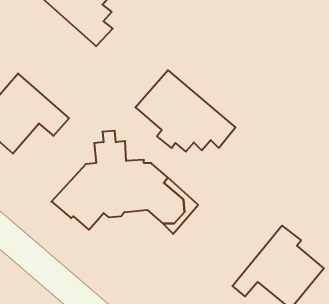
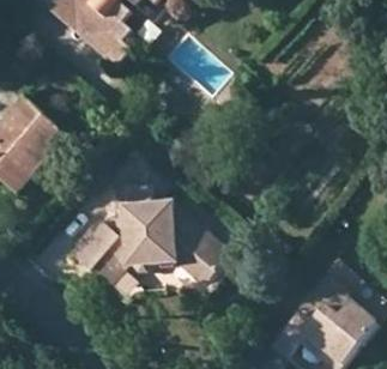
building: [135,70,235,152] -> none

